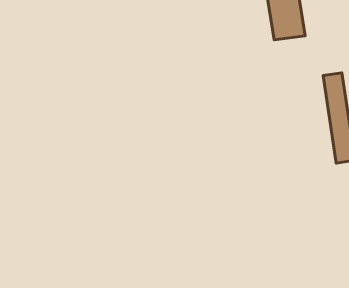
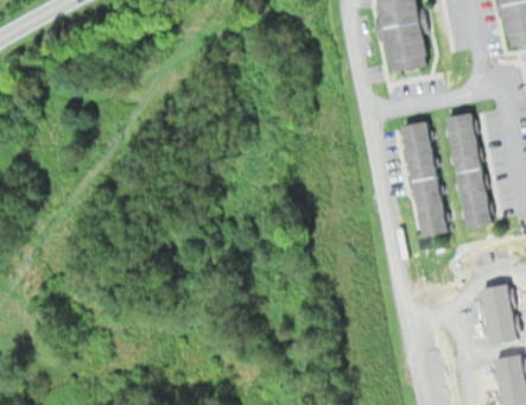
building: none -> [401,121,446,236]

